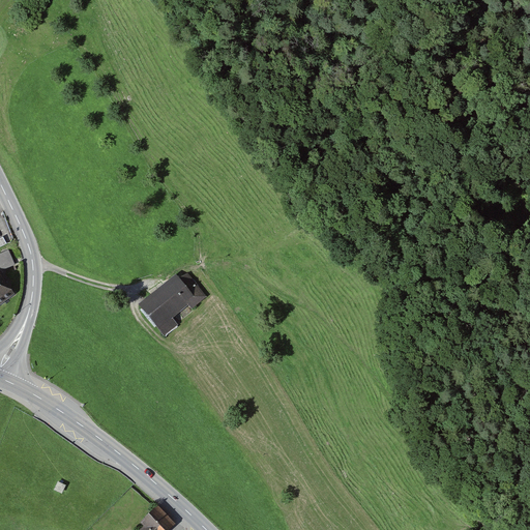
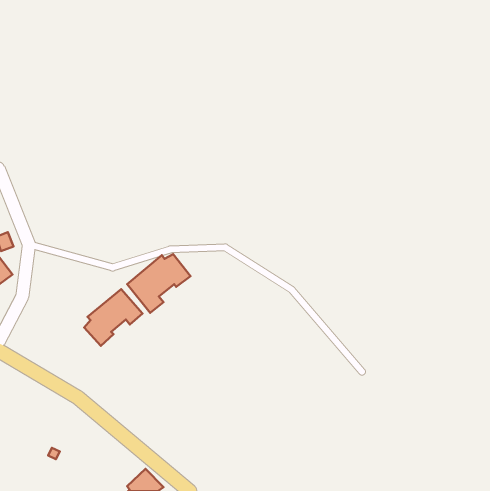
building: none -> [84,289,142,346]

